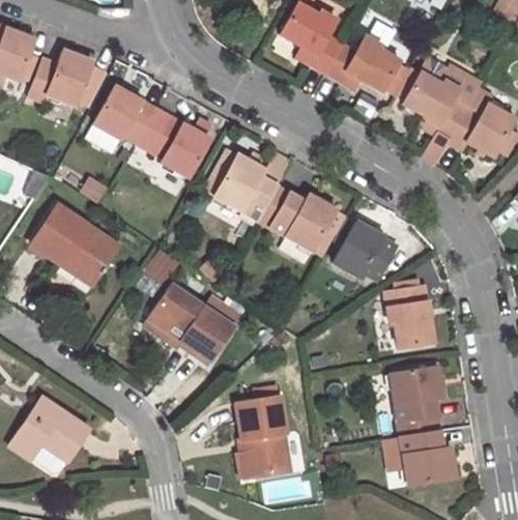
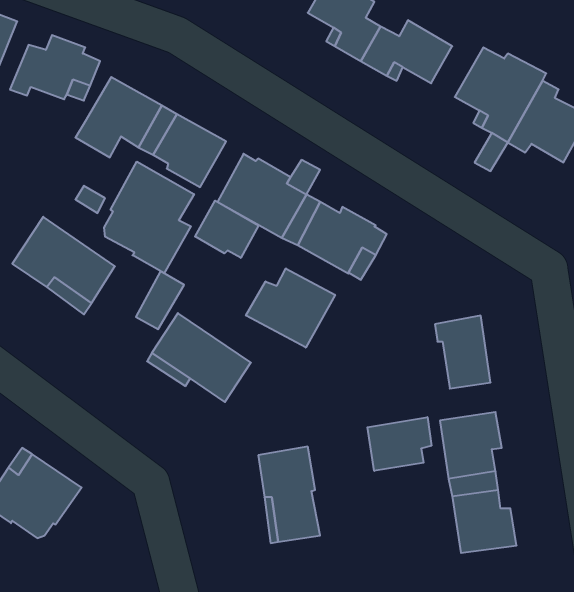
building: none -> [104,162,194,273]
building: none -> [195,201,259,258]
building: [334,222,399,280] -> none
building: none -> [246,268,335,348]
building: none -> [367,417,431,471]

